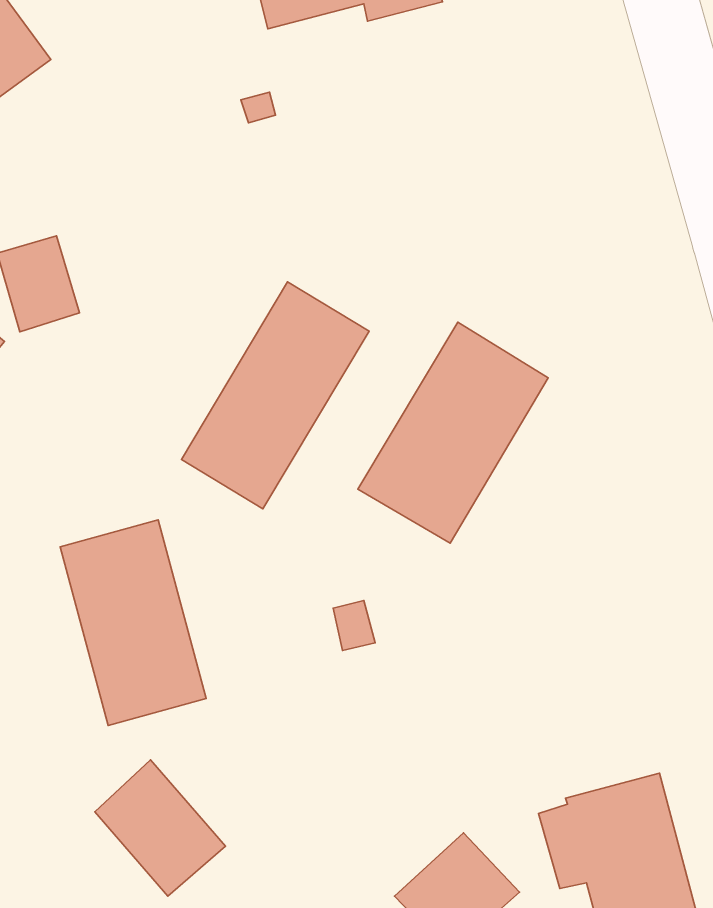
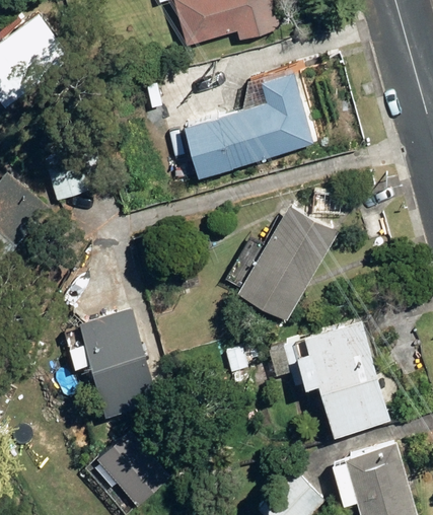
building: none -> [189,77,313,177]
building: [181,282,369,509] -> none
building: none -> [296,313,387,429]

